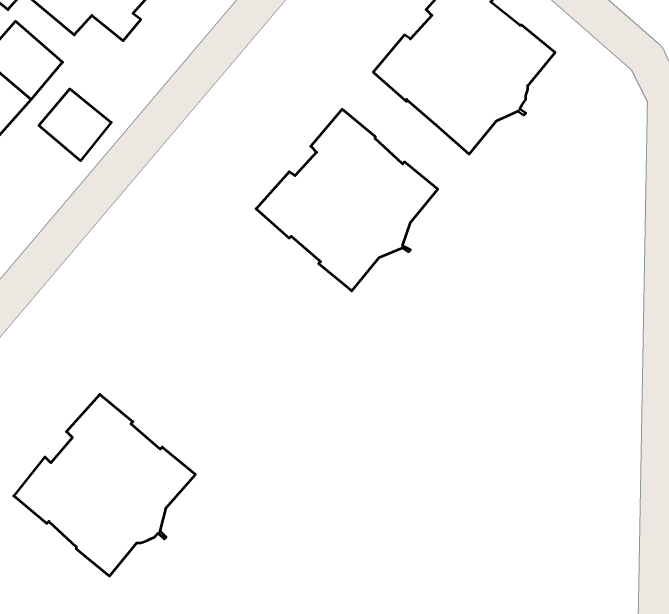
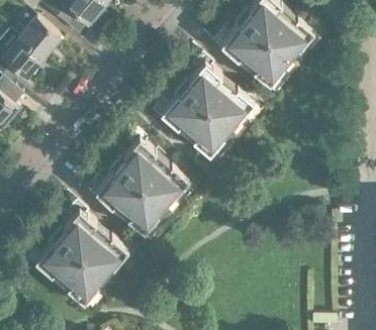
building: [39,89,111,161] -> none
building: none -> [95,139,188,233]

